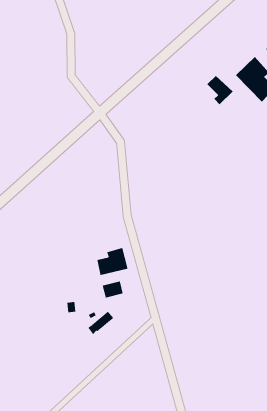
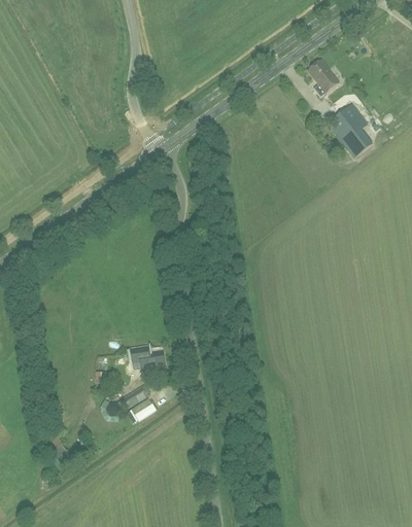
building: [207,75,233,105] -> [308,60,339,96]
building: [97,247,128,276] -> none

